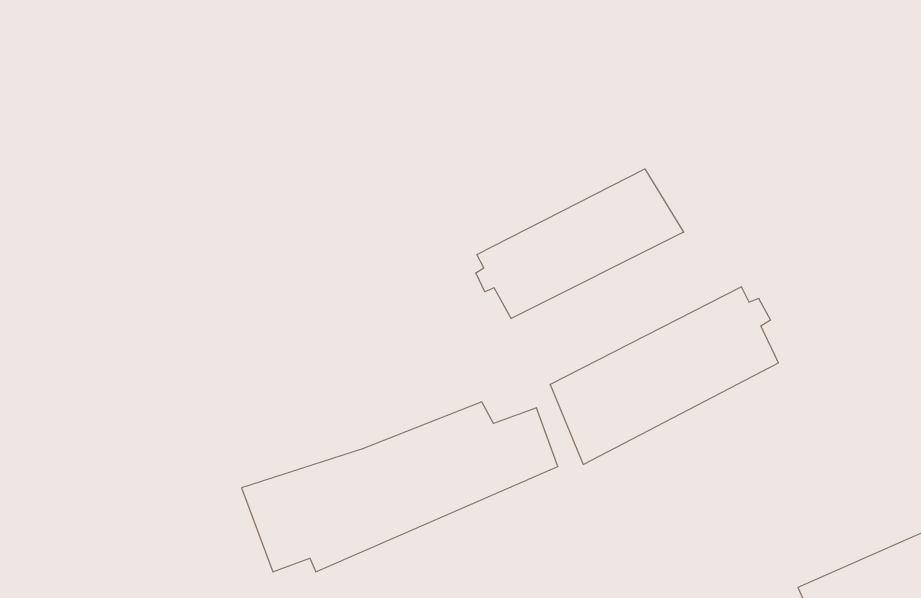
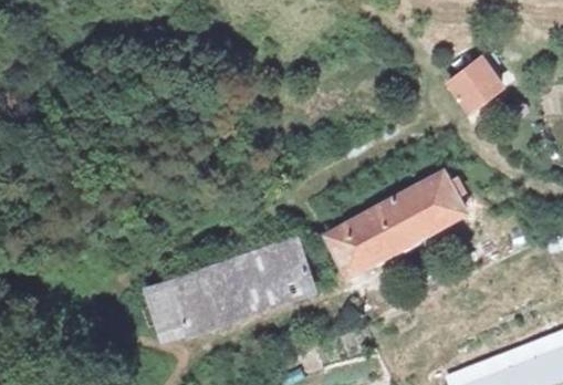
building: none -> [444,56,501,112]
building: [476,169,684,319] -> none

